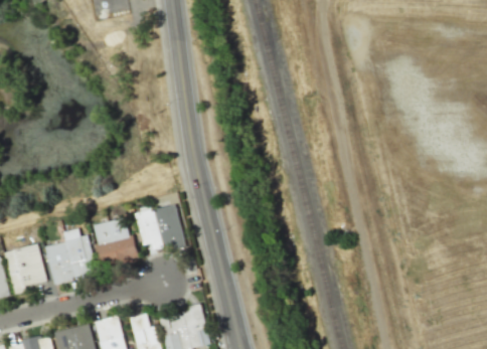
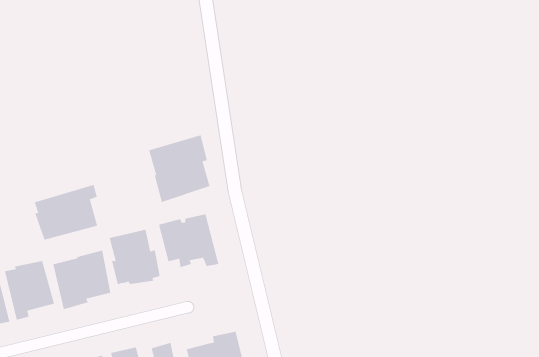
building: none -> [148,134,210,203]
building: none -> [34,184,98,241]

